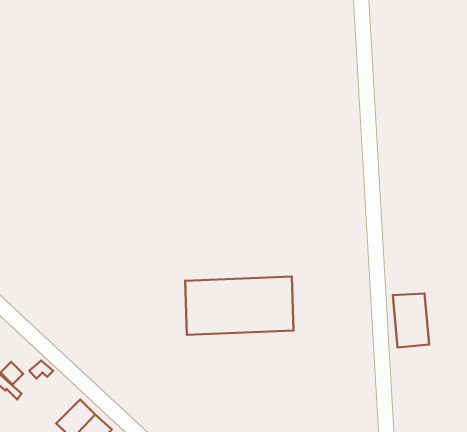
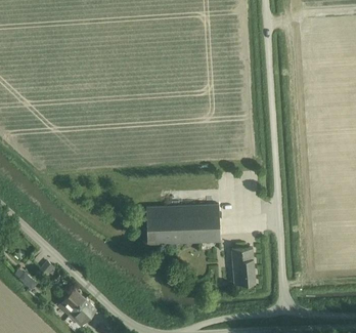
building: [393,294,429,348] -> [230,248,255,285]

